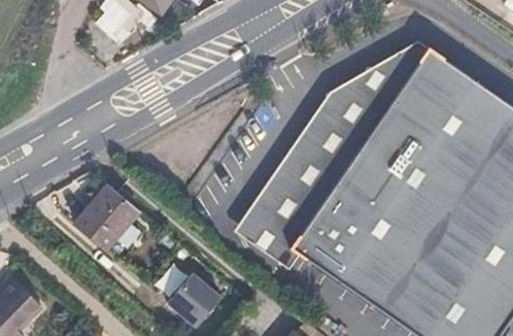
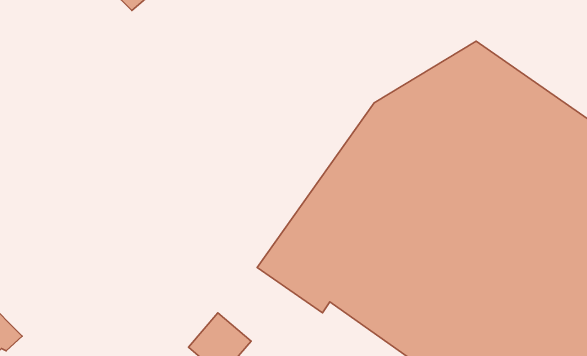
building: [79,184,141,248] -> none

